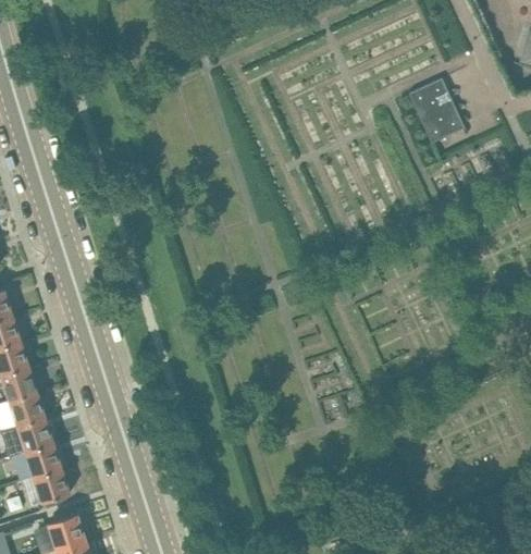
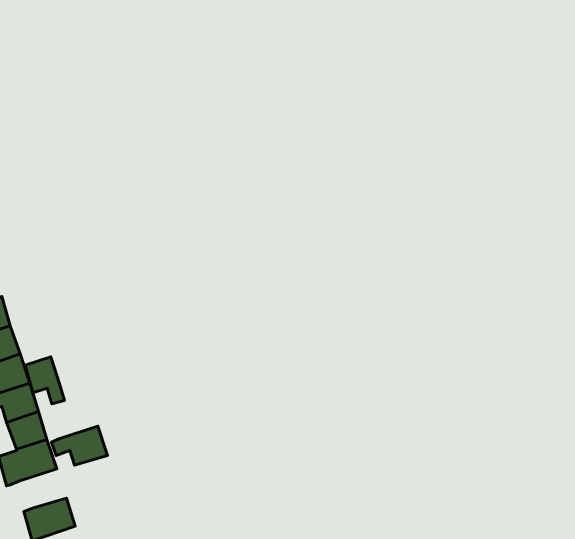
building: [407,78,464,144] -> none
building: none -> [25,357,65,404]
building: [11,443,61,478] -> [51,426,108,465]

